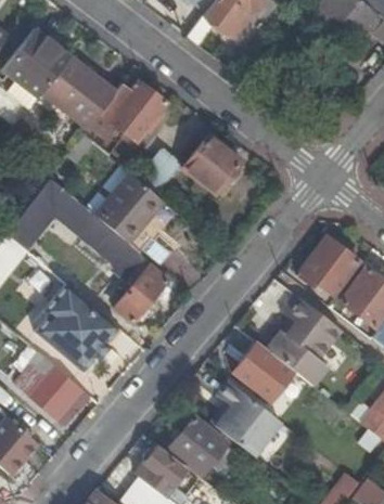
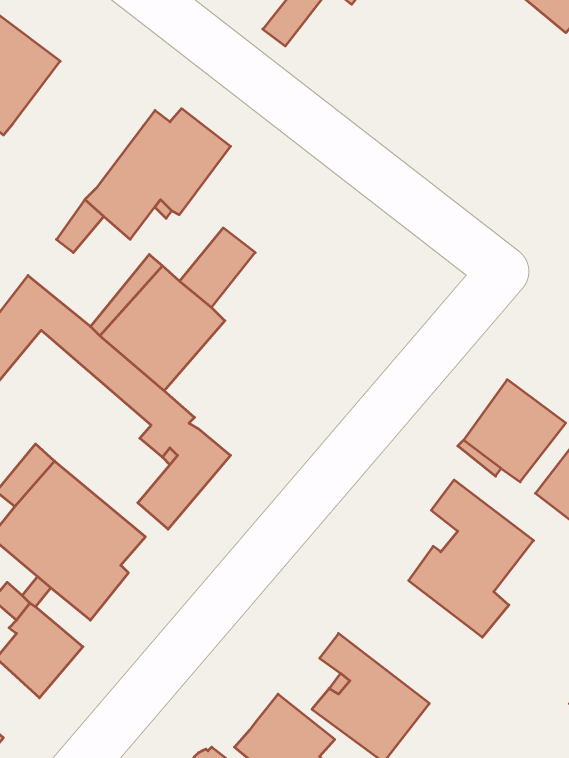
building: [42,55,117,128] -> none
building: [183,135,241,194] -> none
building: [233,345,293,402] -> none

